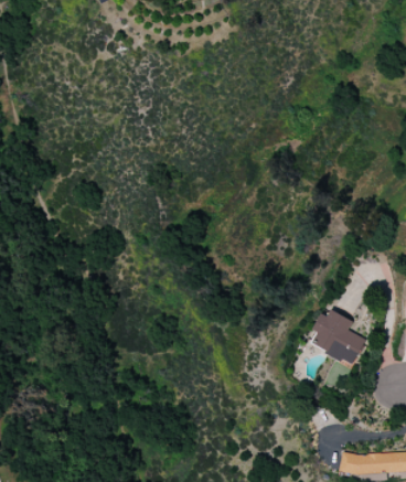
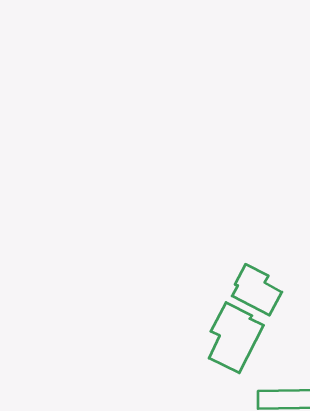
building: none -> [209,302,264,373]

